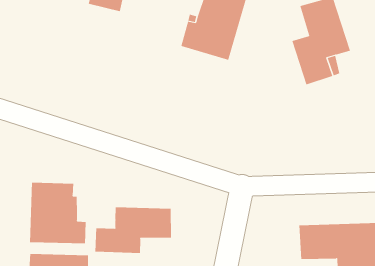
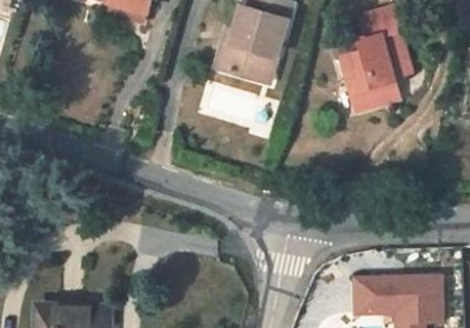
building: [30,182,86,244] -> none
building: [95,207,171,254] -> none

